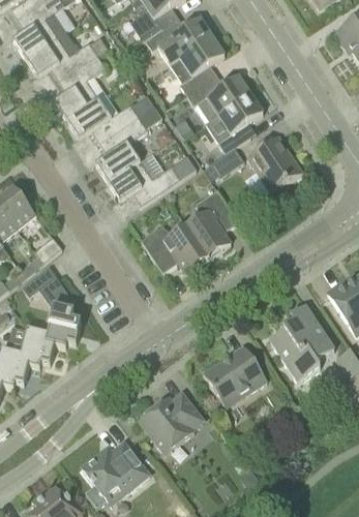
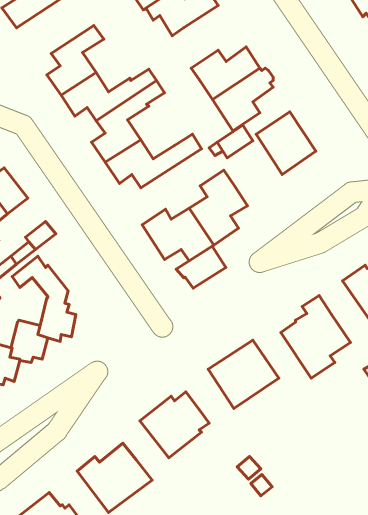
building: [26,36,108,81] -> none
building: [170,36,225,94] -> none
building: none -> [176,246,226,288]

